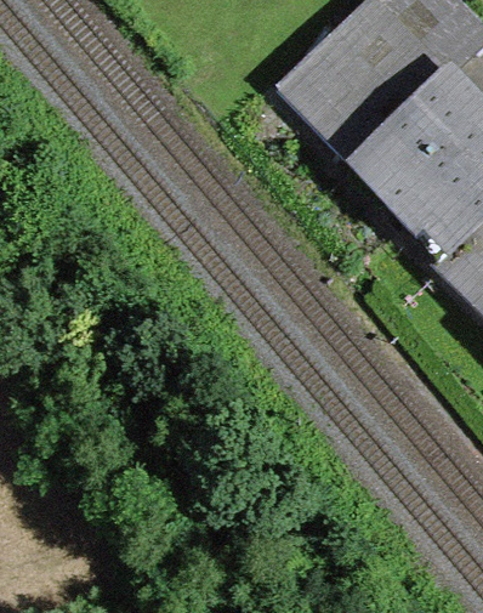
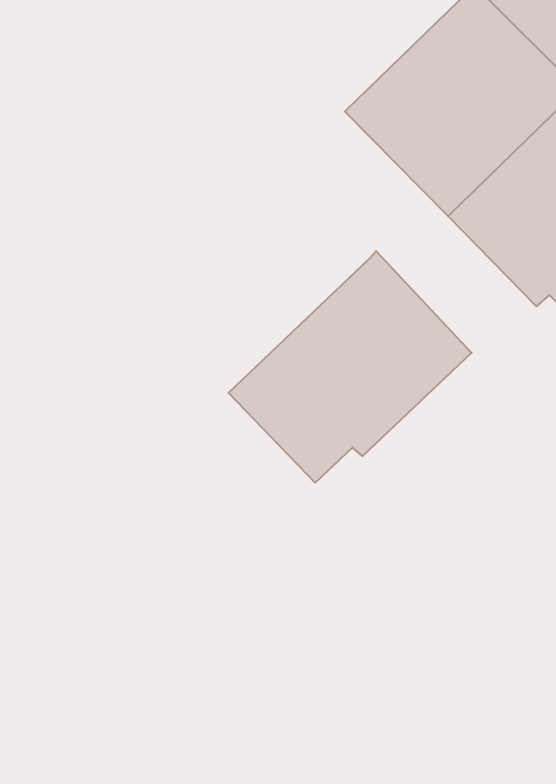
building: none -> [228,251,472,483]

